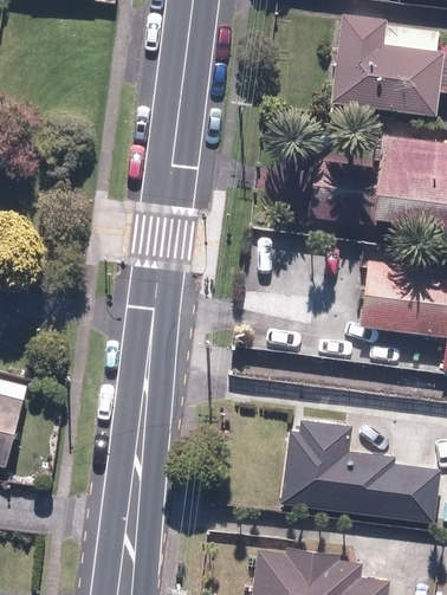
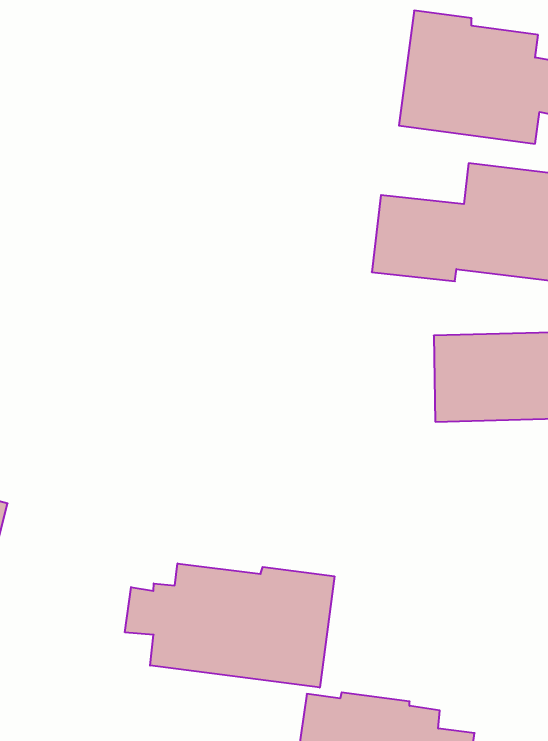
building: [279,420,441,524] -> none
building: none -> [125,563,334,688]

